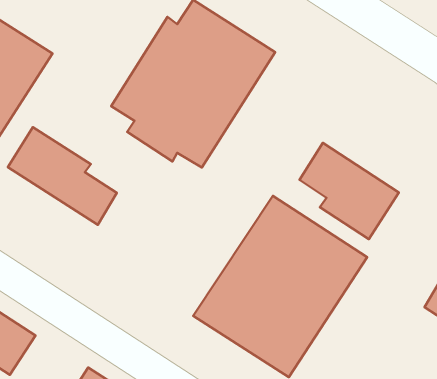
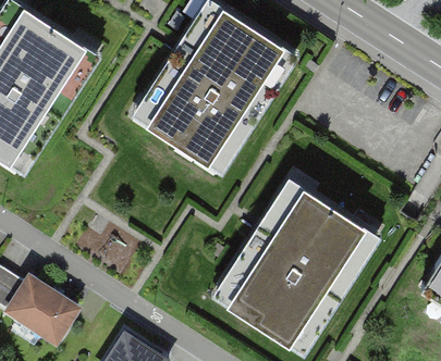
building: [8,127,117,225] -> none
building: [300,143,399,239] -> none

